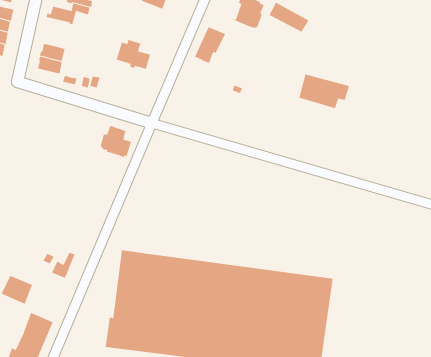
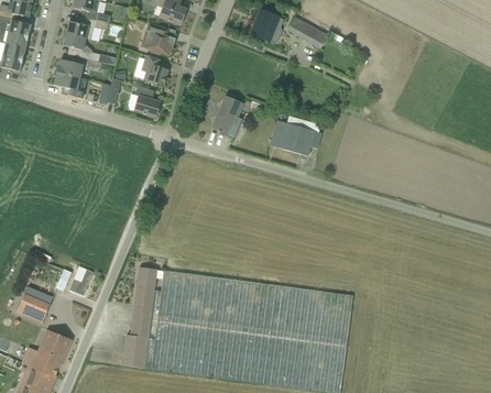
building: none -> [140,22,175,55]
building: none -> [62,32,100,61]
building: [194,26,226,64] -> [211,96,243,133]
building: [298,74,350,109] -> [270,120,321,155]
building: [100,125,132,158] -> [128,85,160,118]

